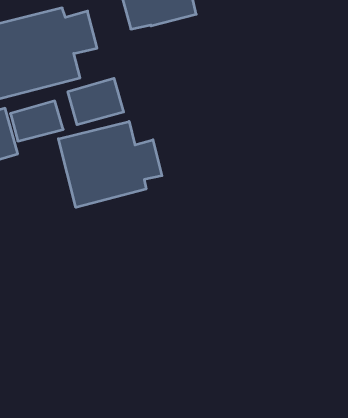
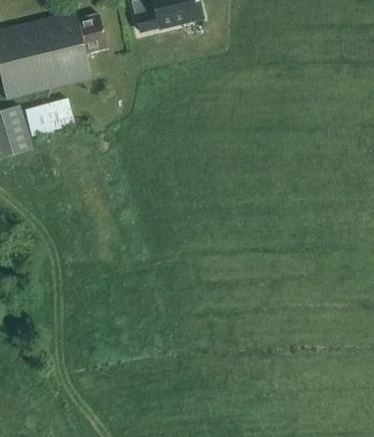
building: [68,78,124,125] -> none
building: [58,121,162,207] -> none

